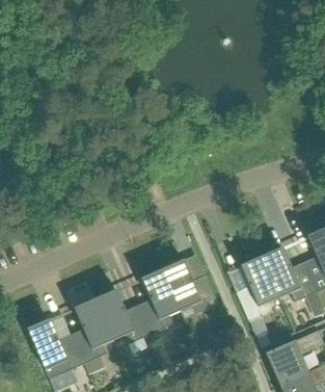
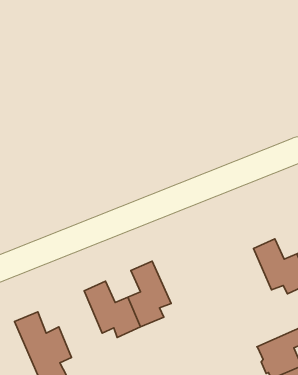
building: [236,256,279,320] -> none
building: [162,259,219,313] -> none
building: [71,297,113,363] -> none

